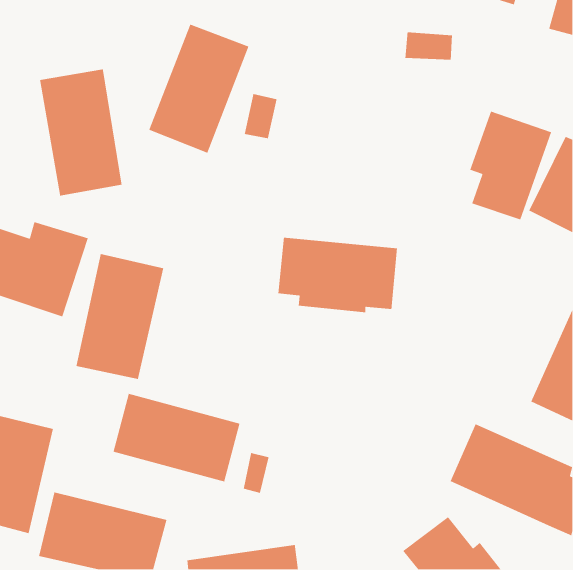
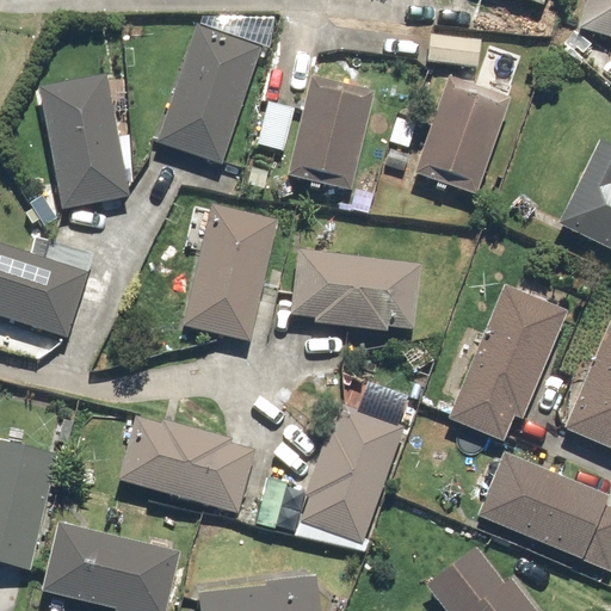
building: none -> [290,80,375,190]
building: [469,111,552,221] -> [422,76,511,193]
building: [75,253,164,380] -> [183,205,277,340]
building: none -> [446,283,569,443]
building: none -> [300,406,403,543]

